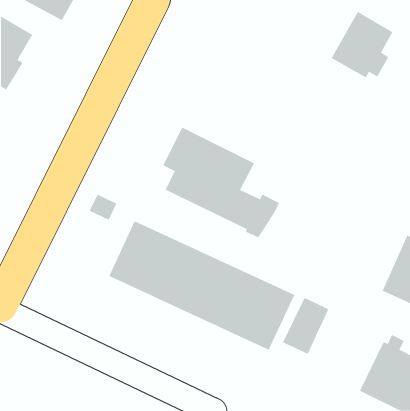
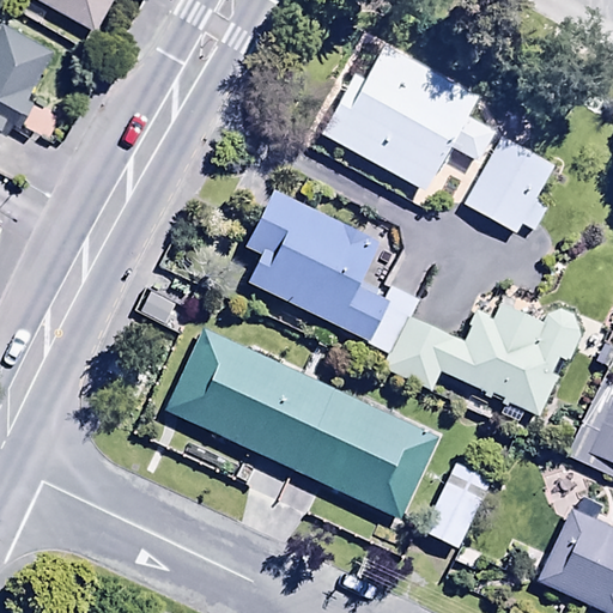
building: [331,11,393,78] -> [465,135,557,235]
building: none -> [321,43,493,190]
building: none -> [382,296,583,423]

